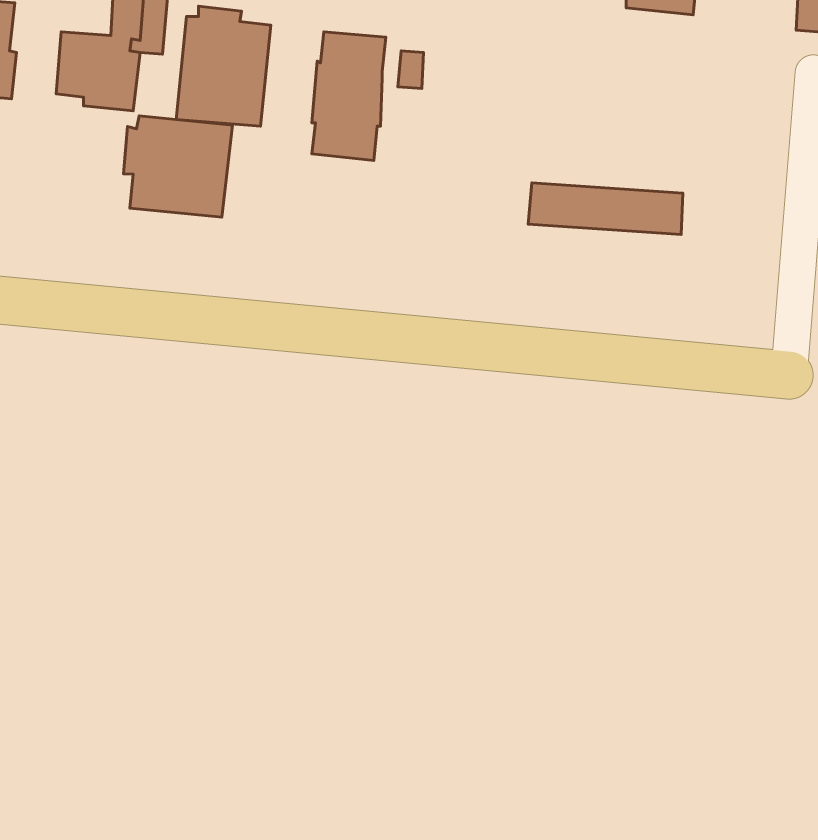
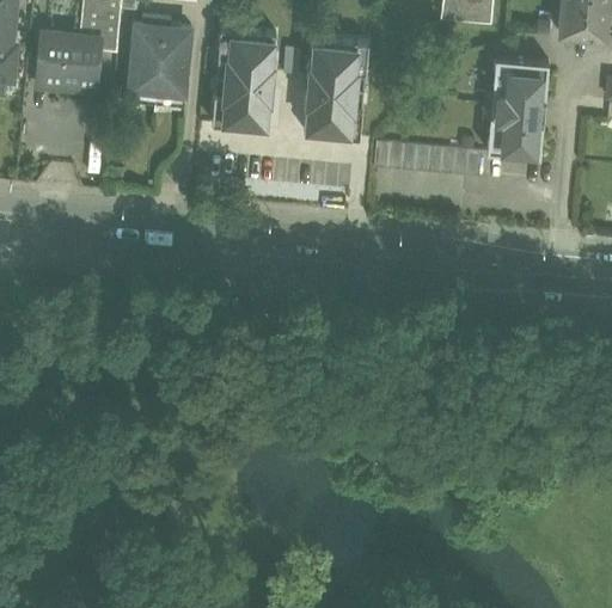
building: none -> [306,43,357,133]
building: none -> [486,59,547,156]
building: [124,116,232,217] -> none

